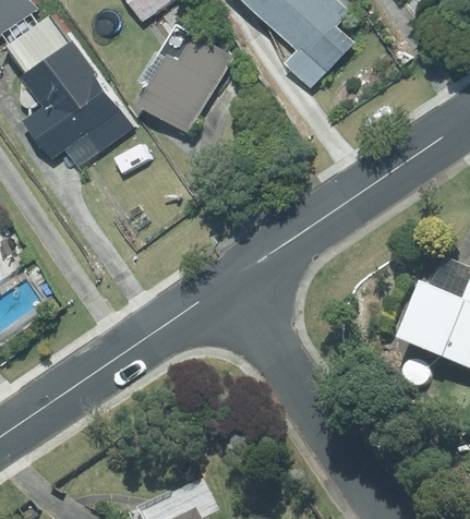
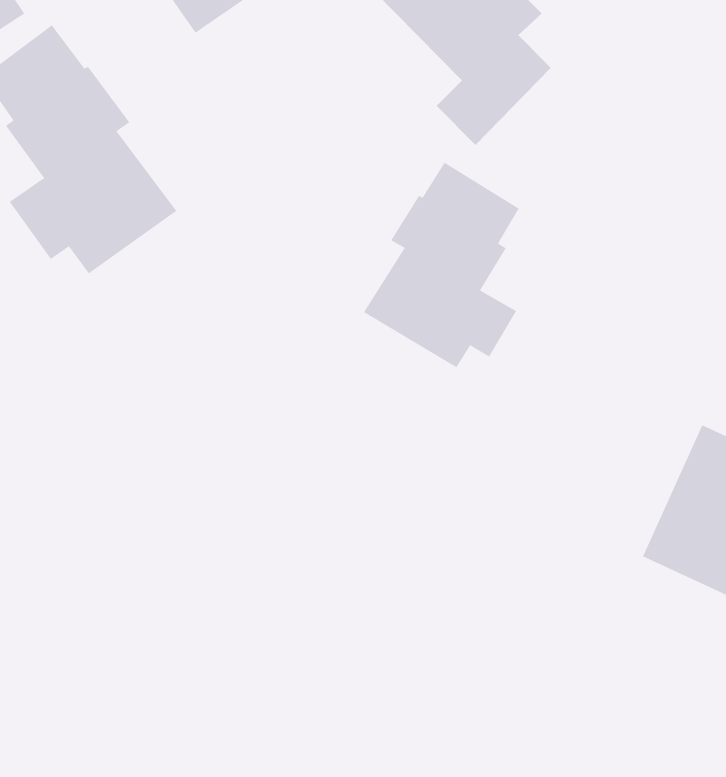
building: [136,34,231,132] -> none
building: none -> [363,162,519,368]

